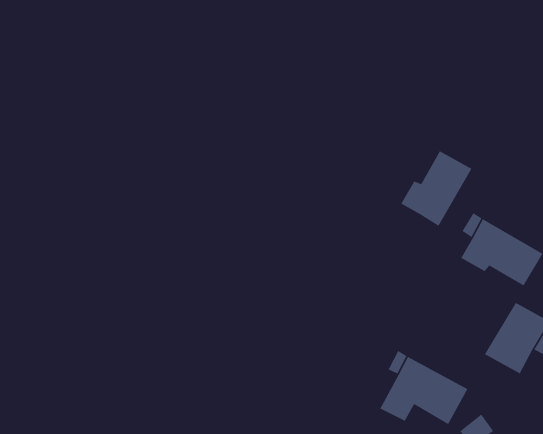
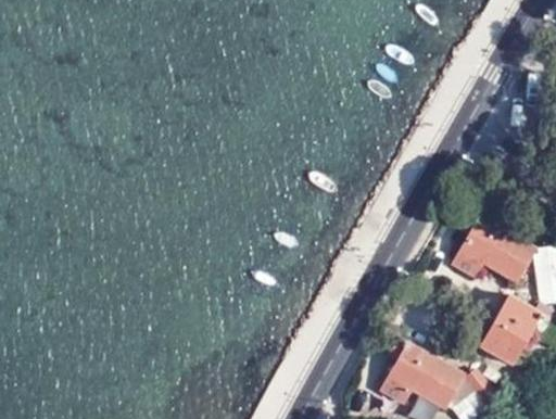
building: [400,150,473,227] -> none

